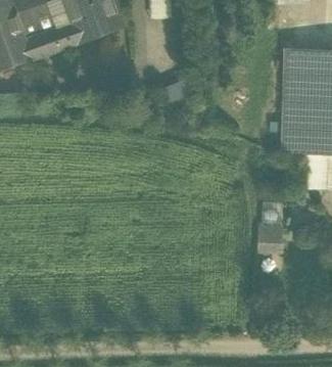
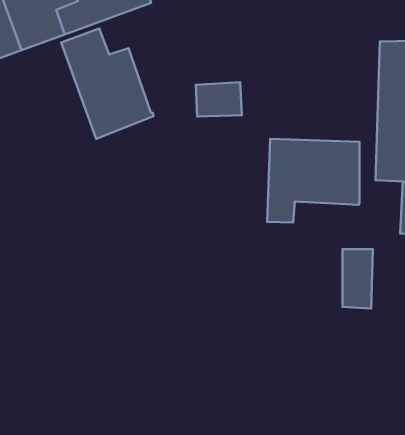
building: none -> [61,28,154,139]
building: none -> [267,139,360,222]

